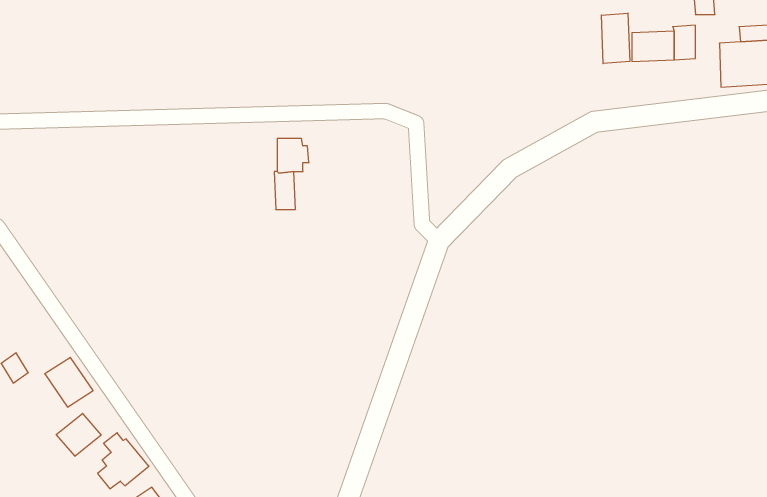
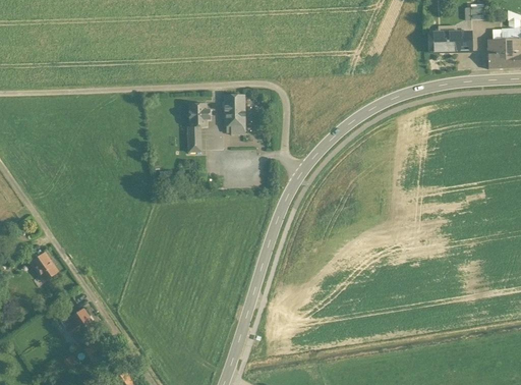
building: [601,13,630,64] -> none
building: none -> [223,94,244,133]
building: [56,413,101,456] -> none

